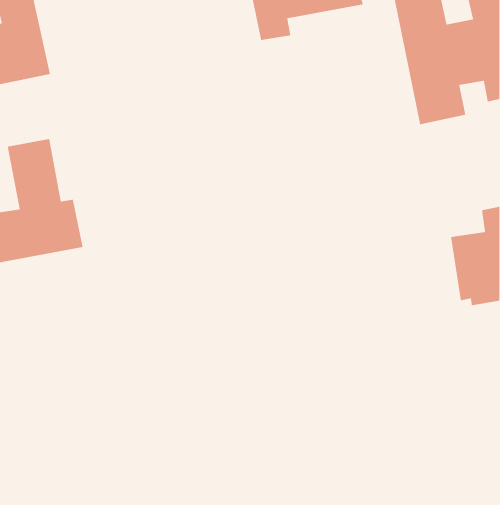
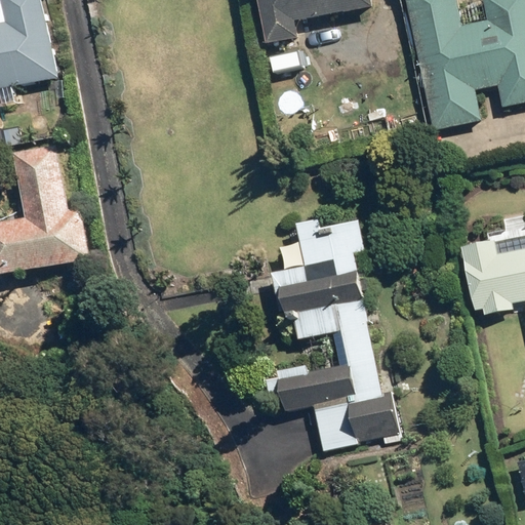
building: none -> [260,218,399,450]

